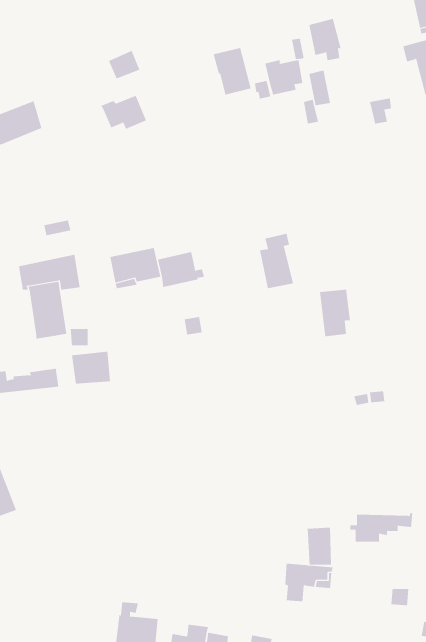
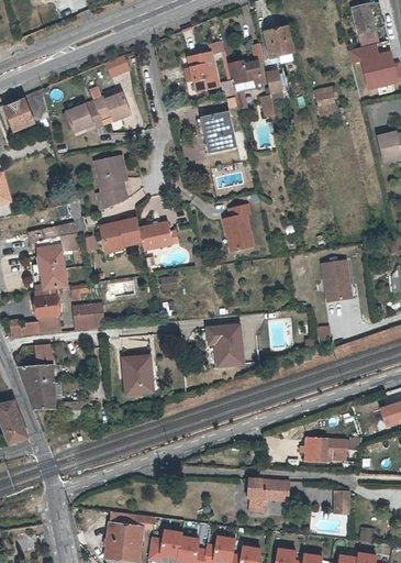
building: none -> [67,102,105,132]
building: none -> [204,111,237,151]
building: none -> [97,153,131,207]
building: [319,289,351,337] -> [324,261,350,300]
building: none -> [31,289,59,320]
building: none -> [208,325,242,365]
building: none -> [19,343,67,410]
building: none -> [121,352,152,394]
building: [307,527,331,565] -> none

